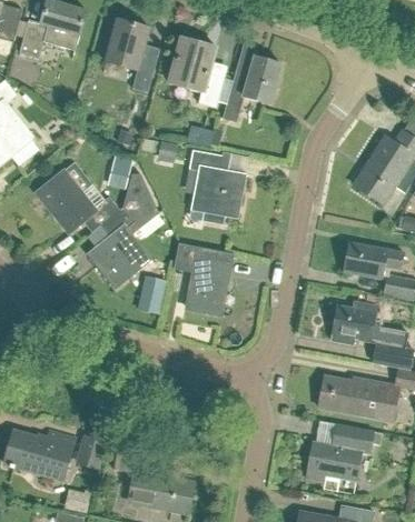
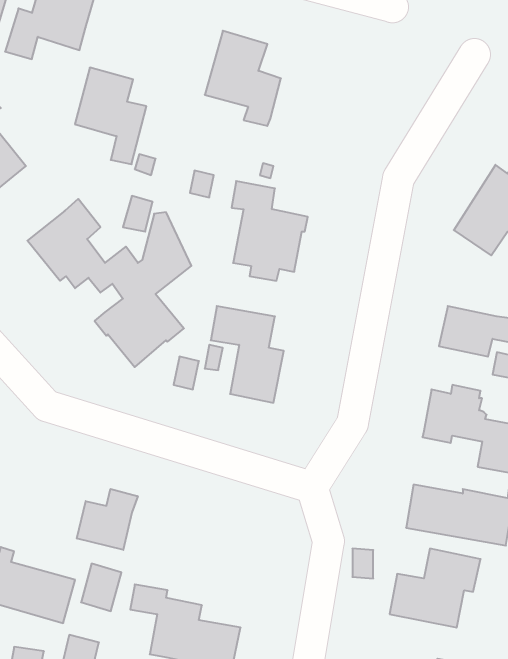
building: [105,20,158,92] -> [75,68,146,164]
building: [221,57,280,121] -> none
building: none -> [77,489,138,550]

